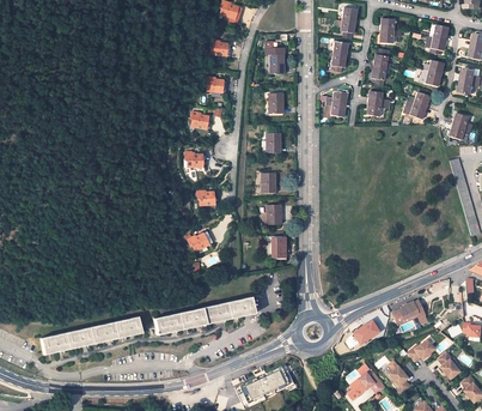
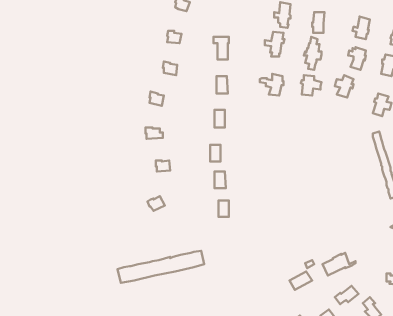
building: [39,316,140,355] -> none

